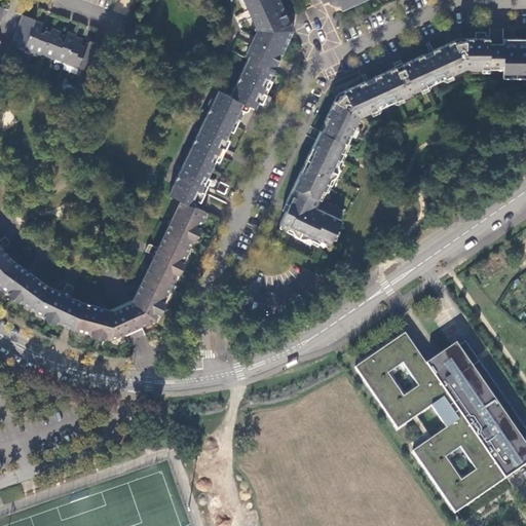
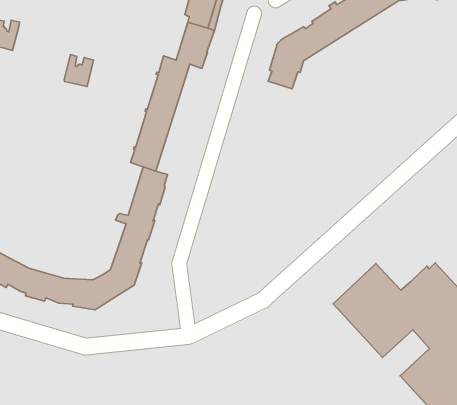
building: [65,39,98,74] -> [64,54,94,86]
building: [278,132,344,246] -> none

